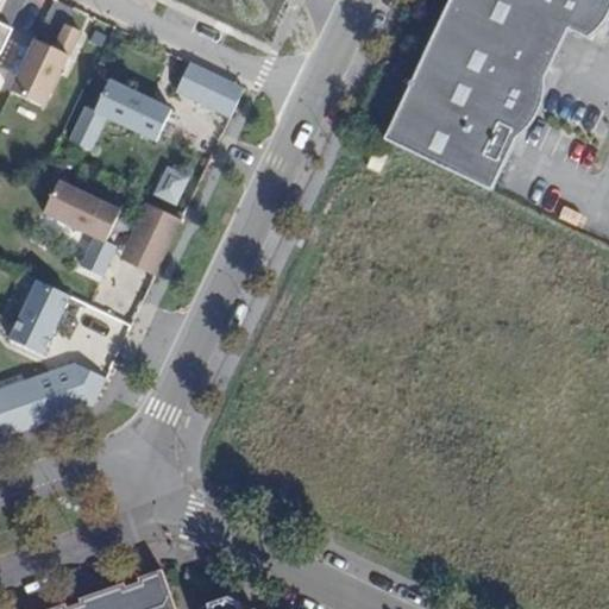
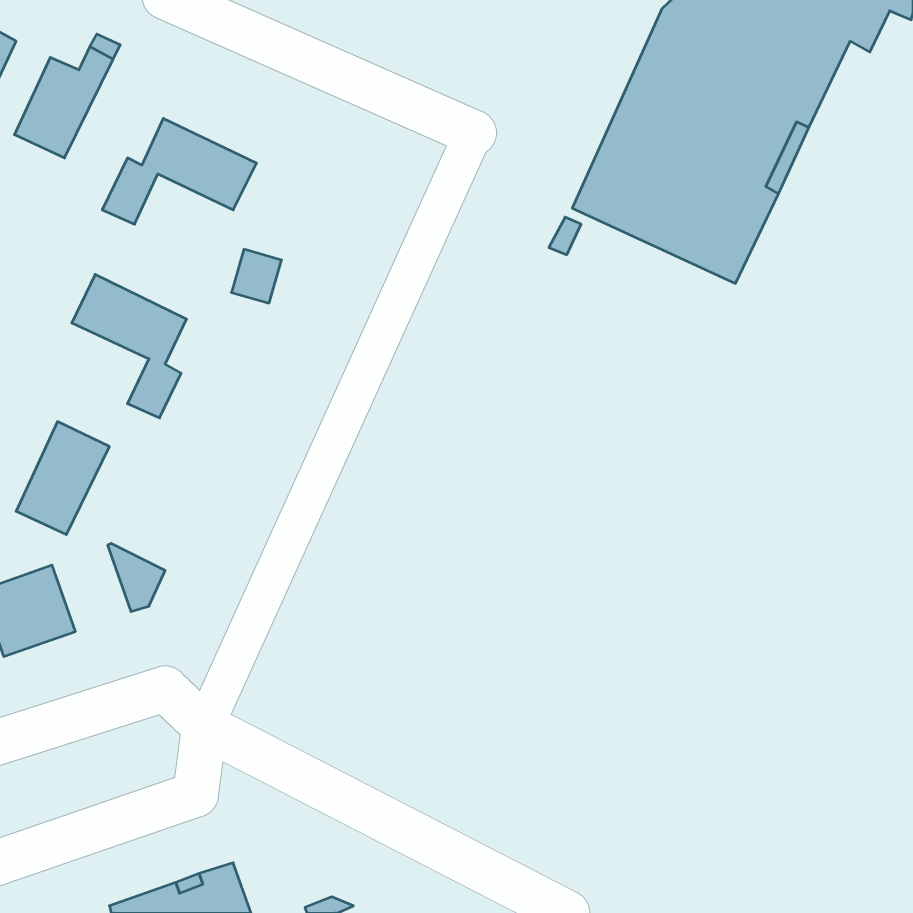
building: [180,63,247,118] -> none
building: [124,203,184,276] -> none
building: [34,362,87,419] -> none

